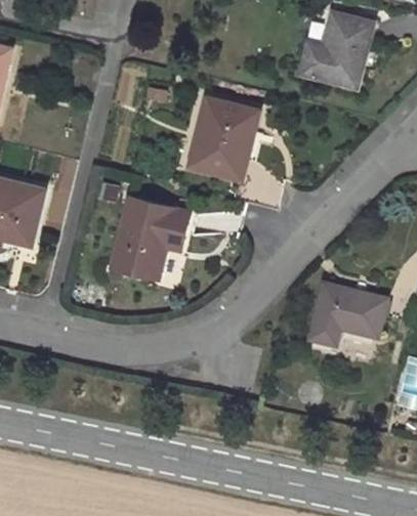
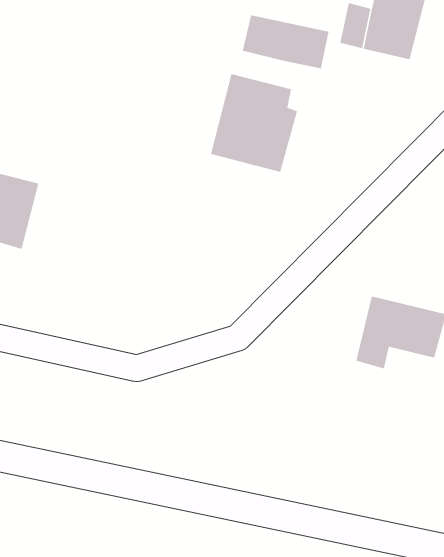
building: none -> [242,15,329,69]
building: [112,198,189,278] -> none

